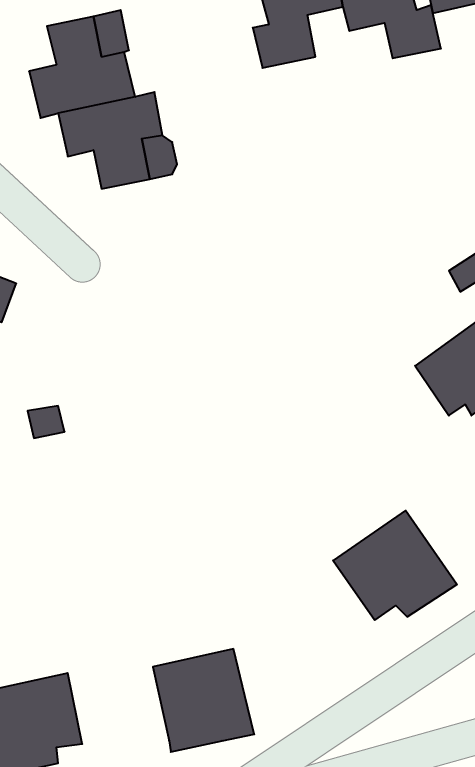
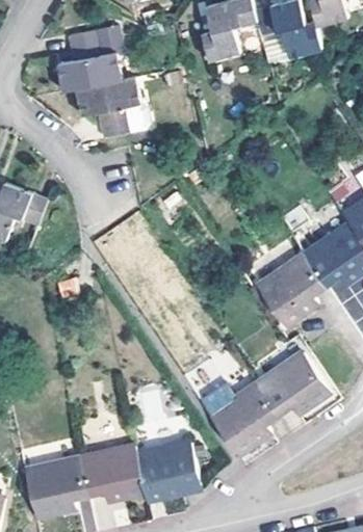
building: none -> [257,254,327,326]
building: none -> [205,379,279,459]
building: none -> [80,440,146,504]

